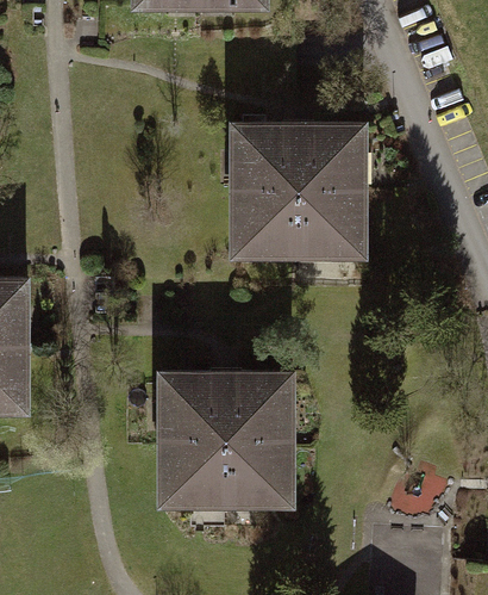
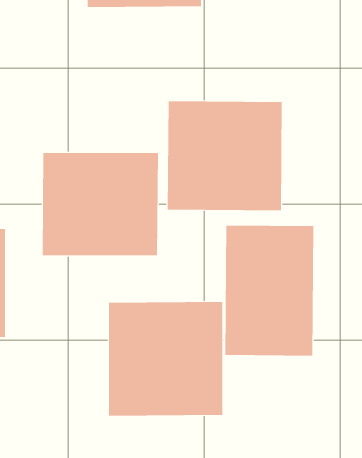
building: none -> [42,152,158,256]
building: none -> [225,225,314,356]

